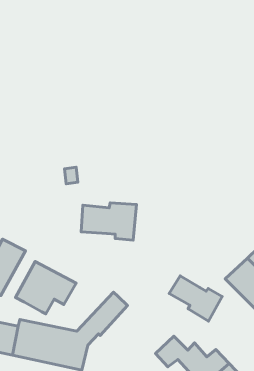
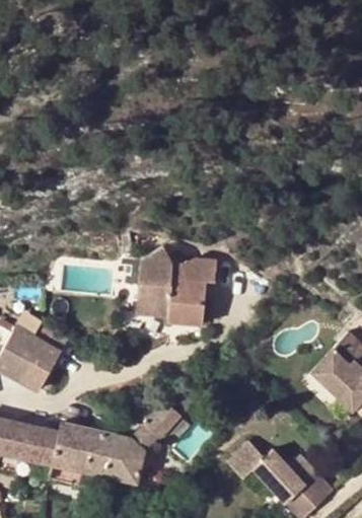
building: none -> [139,246,215,285]
building: [16,261,76,314] -> none
building: [169,276,222,321] -> none

